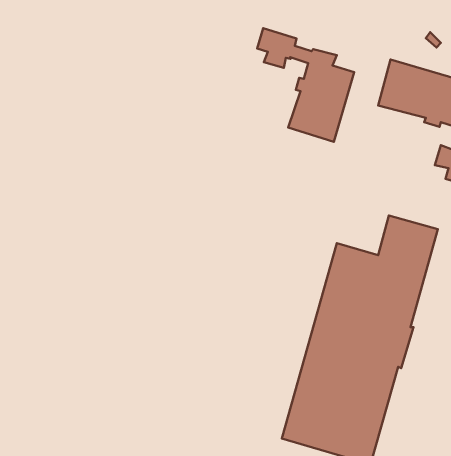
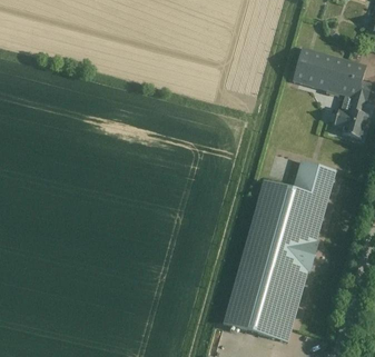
building: [257,28,354,142] -> none

